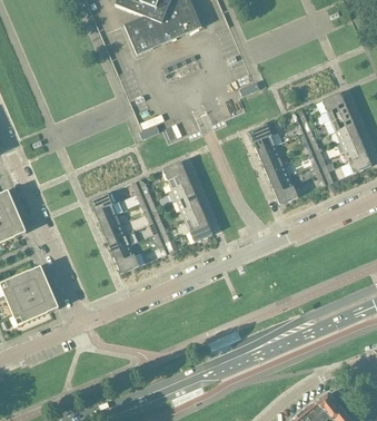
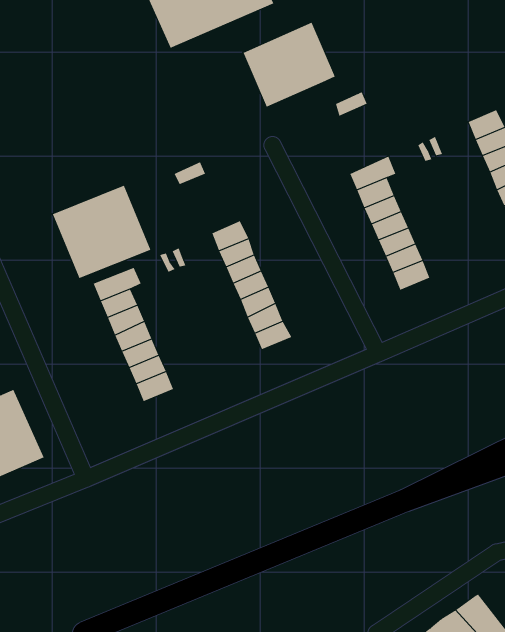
building: none -> [243,22,336,107]
building: none -> [52,185,151,279]

